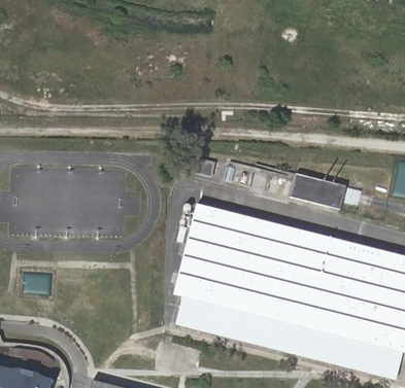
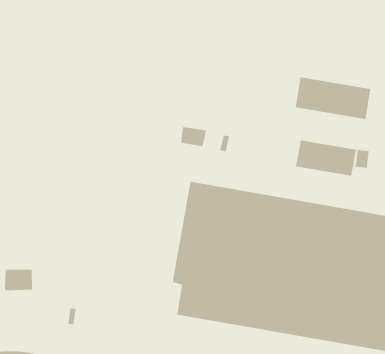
building: none -> [295,76,371,120]

